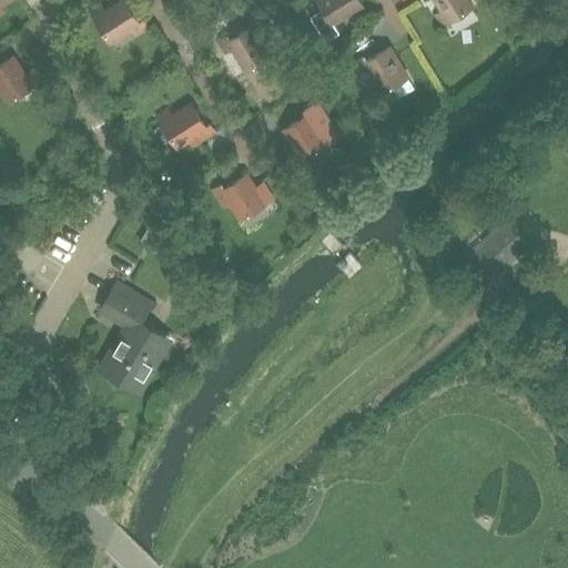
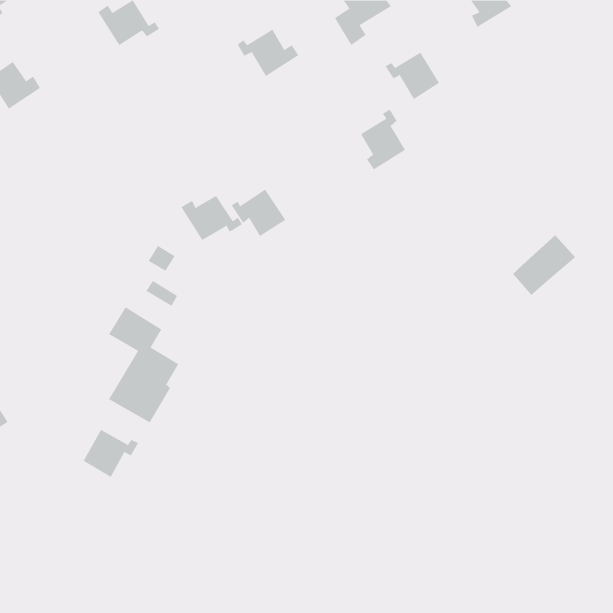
building: [156,105,214,148] -> [180,195,243,241]
building: [283,108,325,164] -> [360,109,406,170]
building: none -> [83,429,139,478]

